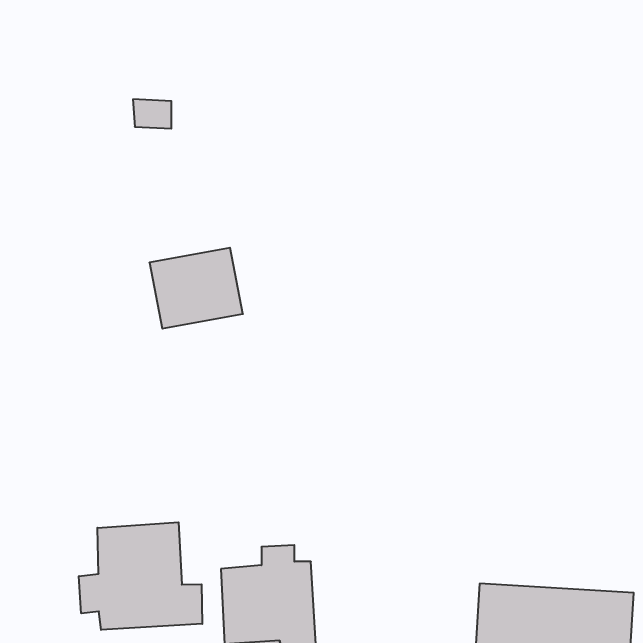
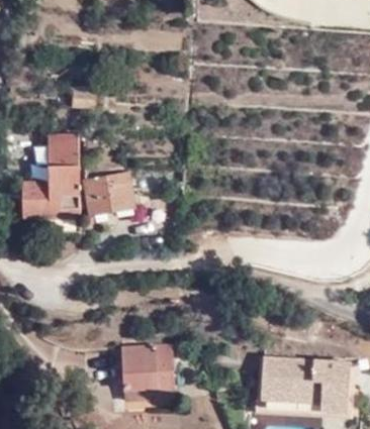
building: none -> [23,134,80,218]
building: [79,522,202,630] -> none

